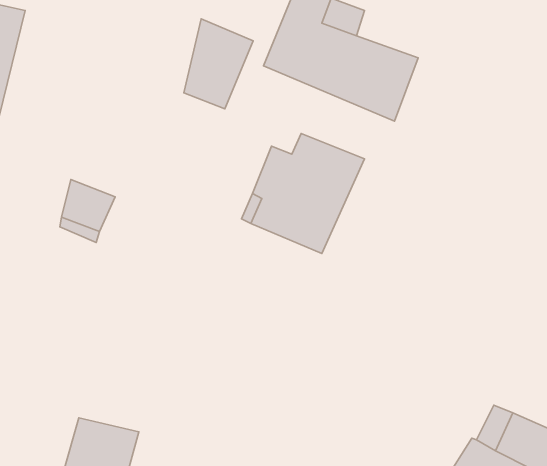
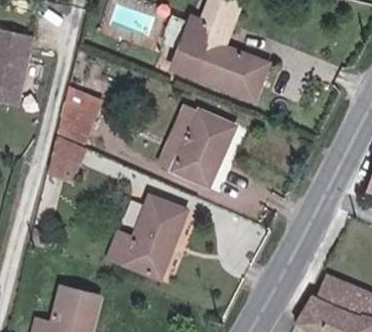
building: [184,19,253,109] -> [56,81,101,138]
building: none -> [113,196,192,278]

